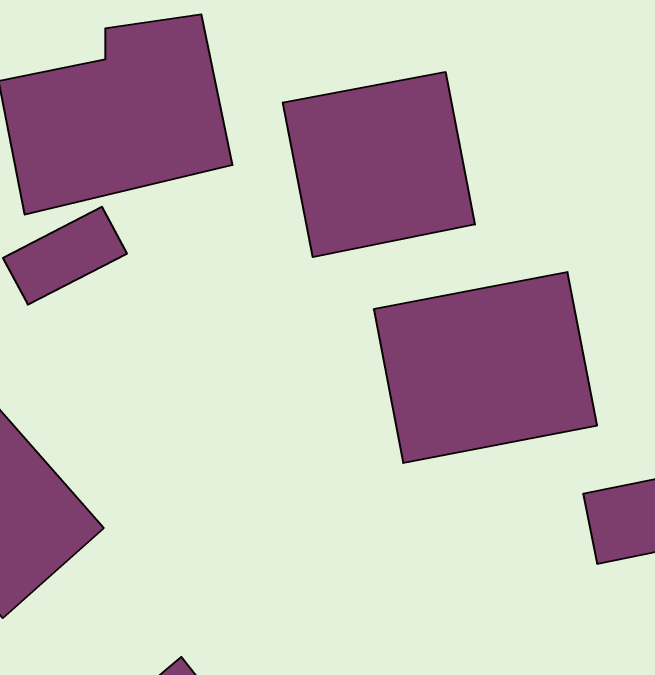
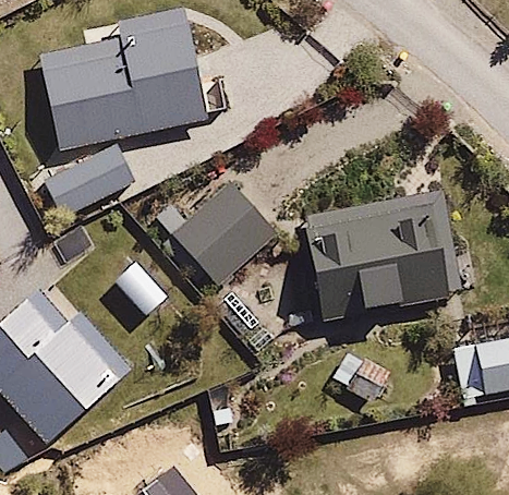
building: [283,72,475,257] -> none
building: none -> [160,172,279,291]

